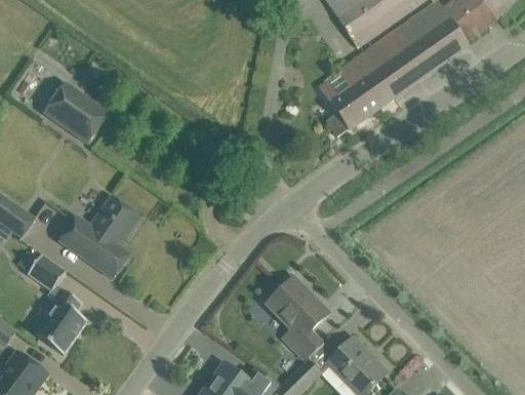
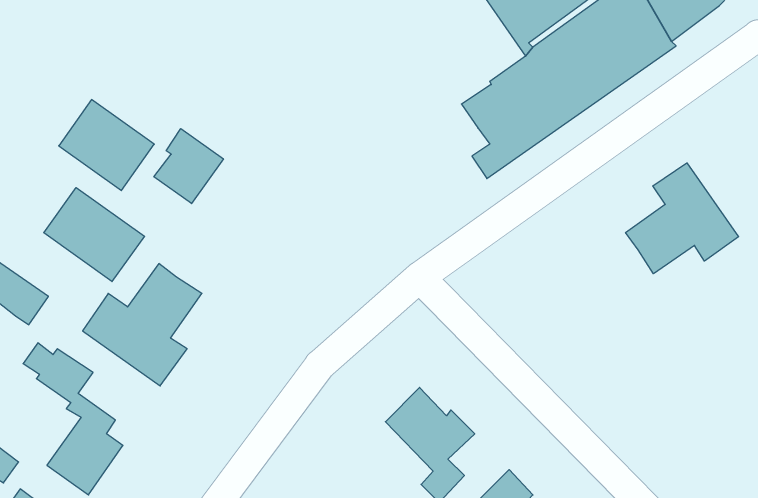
building: none -> [154,129,223,204]
building: none -> [626,163,739,274]
building: none -> [44,188,145,282]

